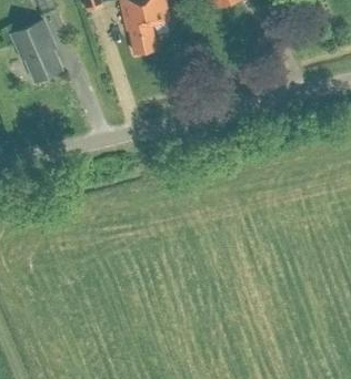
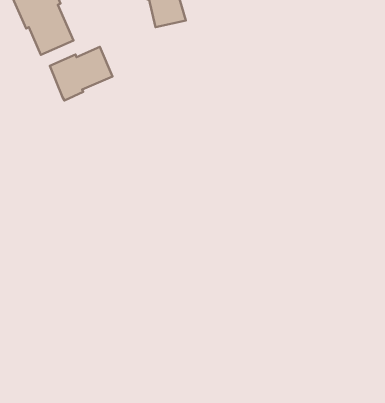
building: none -> [50,47,113,101]

